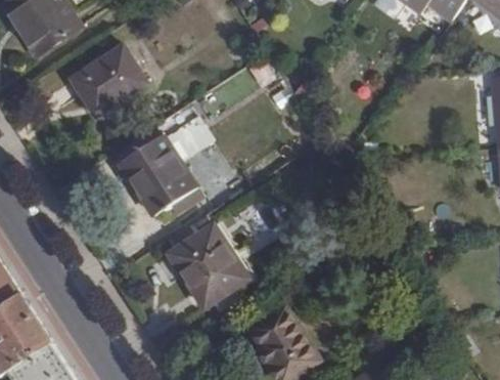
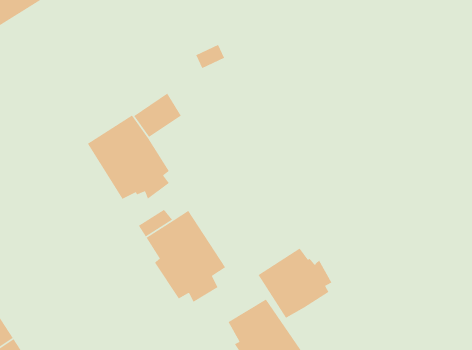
building: [70,46,145,112] -> none
building: none -> [258,248,332,318]

